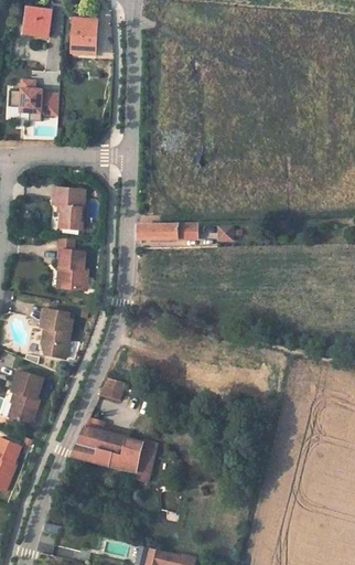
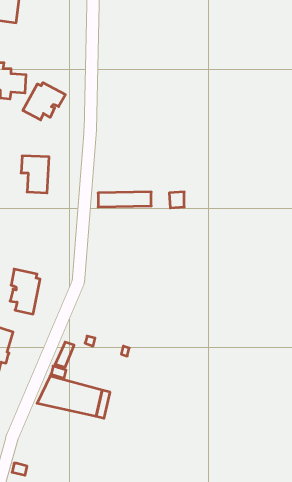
building: [72,20,96,54] -> none
building: none -> [23,83,65,120]
building: [60,246,88,287] -> none

